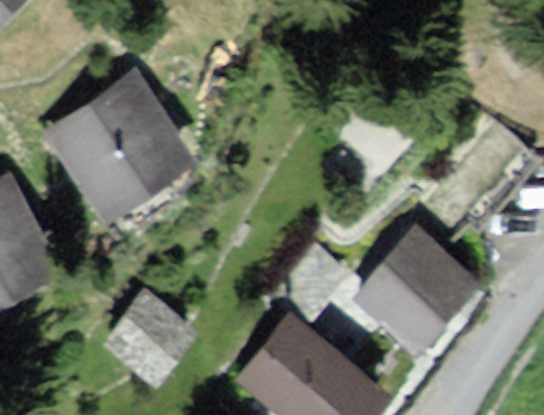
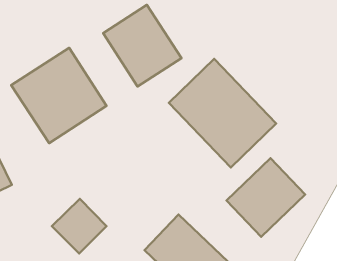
building: none -> [103,5,181,87]
building: none -> [169,59,276,167]

